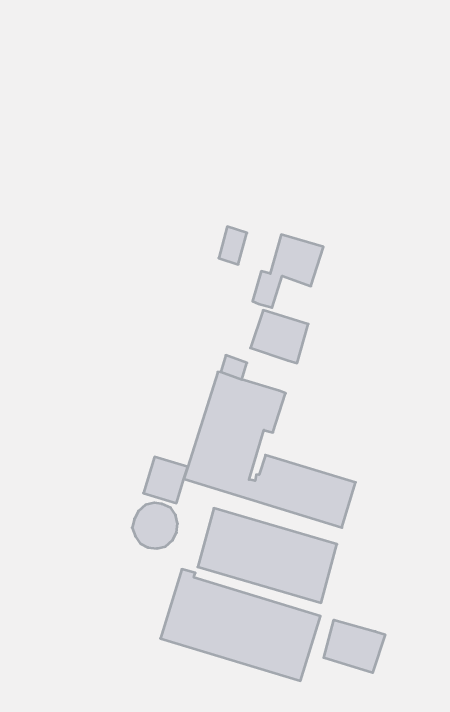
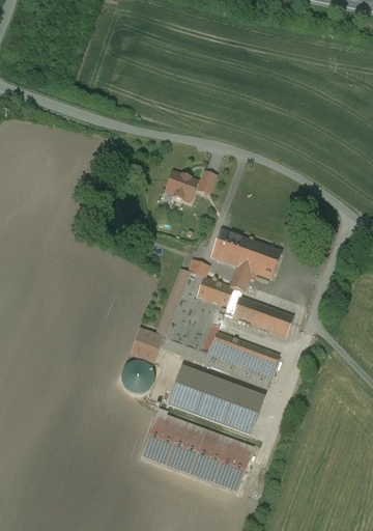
building: none -> [162,171,197,202]
building: [253,235,323,308] -> [231,242,283,292]
building: none -> [233,298,294,337]
building: [324,620,385,673] -> none

